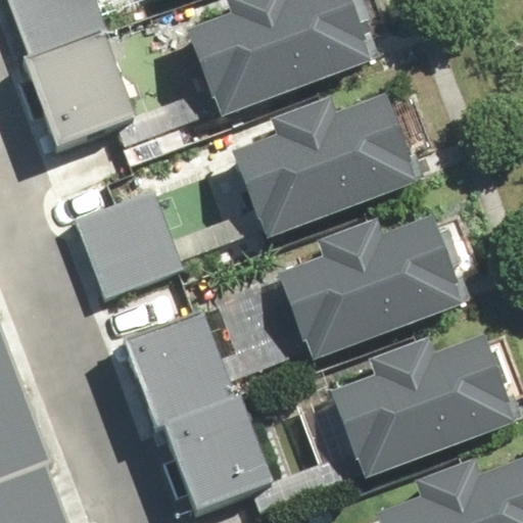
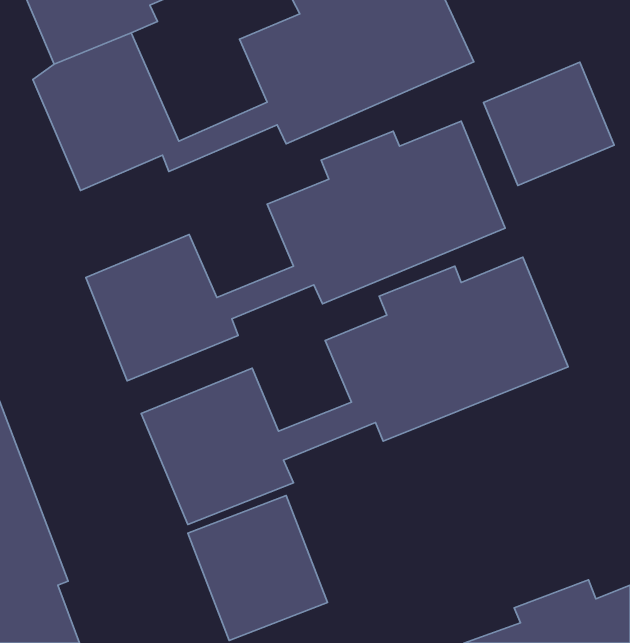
building: none -> [483,62,614,185]
building: [321,333,507,478] -> none

